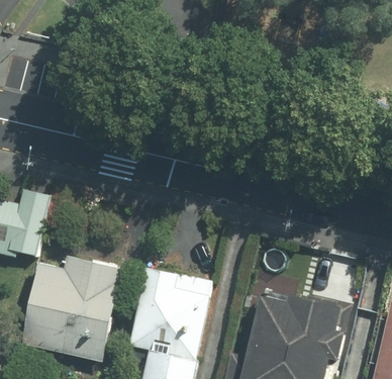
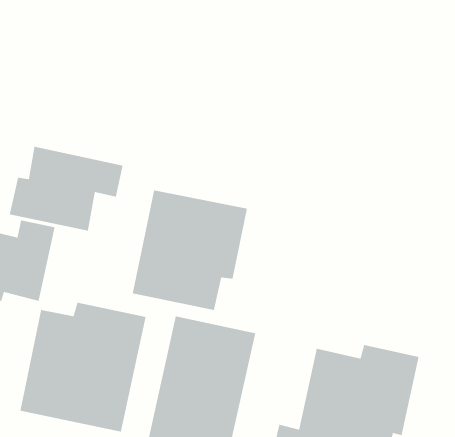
building: none -> [9,146,123,231]
building: none -> [132,190,248,311]

